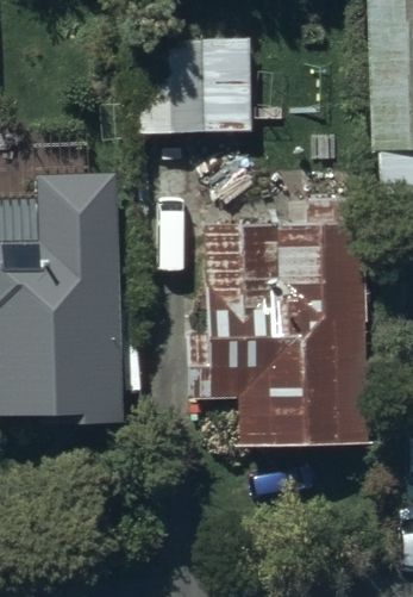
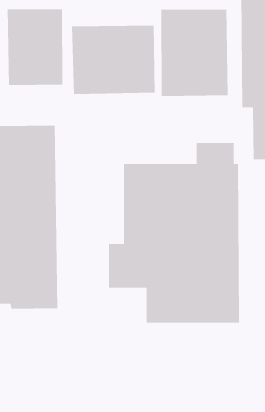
building: none -> [7,8,63,86]
building: none -> [160,9,228,97]

